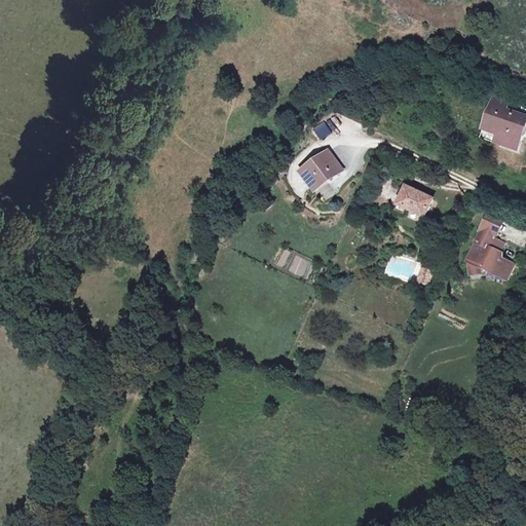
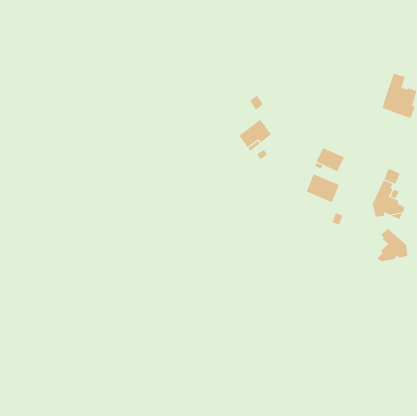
building: none -> [306,173,340,203]
building: none -> [377,228,408,262]

